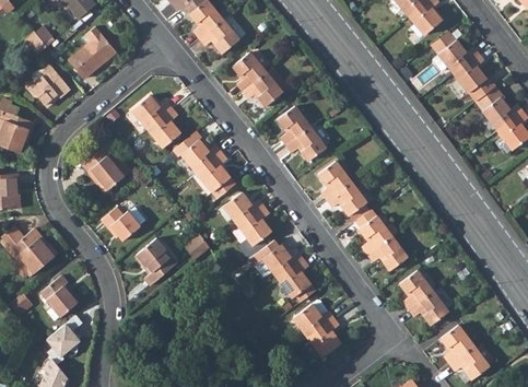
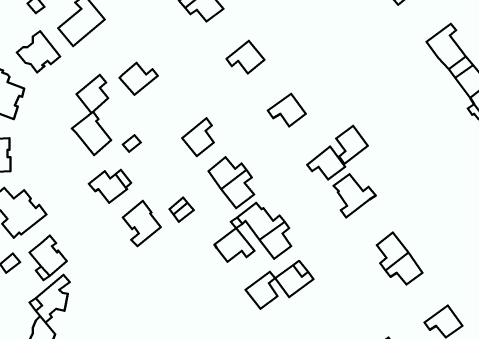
building: [431,35,476,73] -> none
building: [234,52,267,91] -> none
building: [278,106,310,144] -> none
building: [149,108,181,148] -> [77,75,108,113]
building: [175,130,223,173] -> none
building: [318,161,351,200] -> [336,126,368,164]
building: [367,236,407,270] -> none
building: none -> [215,228,254,262]
building: [308,318,341,356] -> [246,272,277,309]
building: [439,325,472,363] -> none

